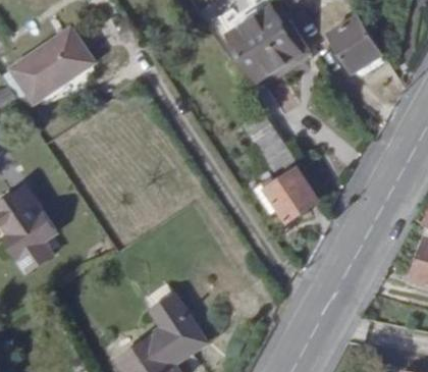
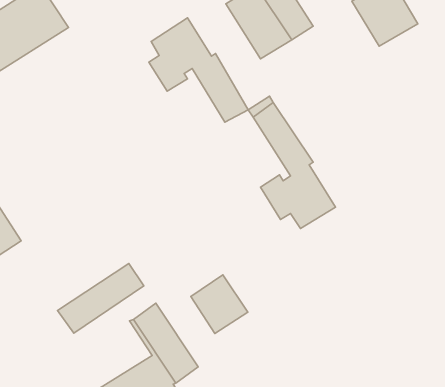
building: none -> [149,18,248,122]
building: none -> [57,264,144,333]
building: none -> [191,275,248,334]

